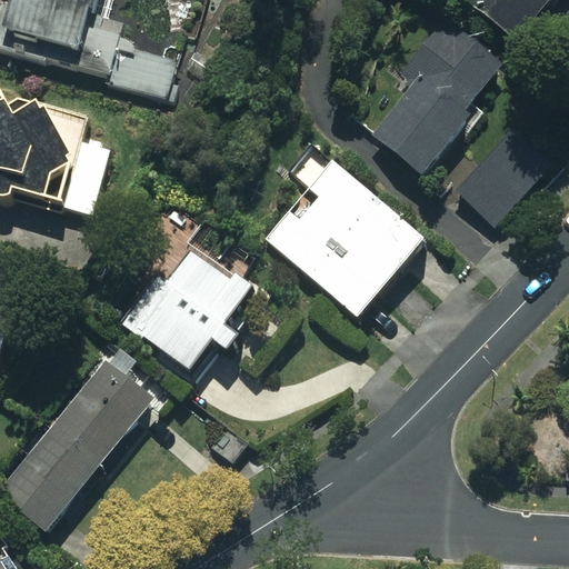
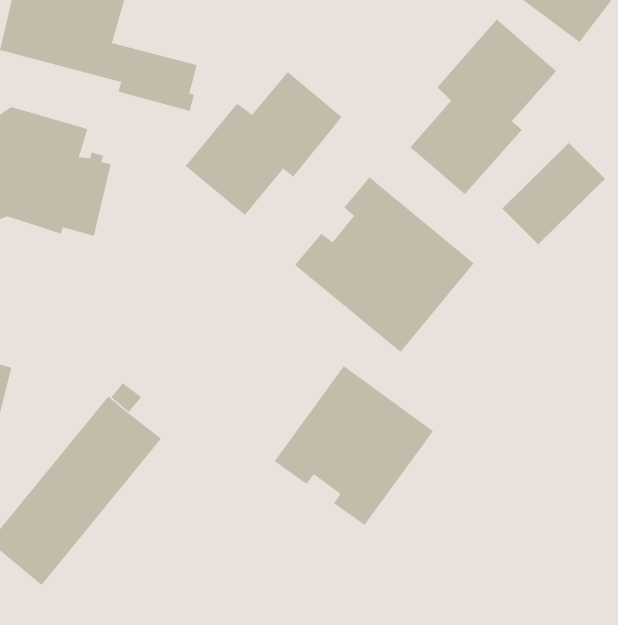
building: none -> [185,71,343,216]
building: [121,251,262,376] -> none
building: none -> [274,365,434,526]

